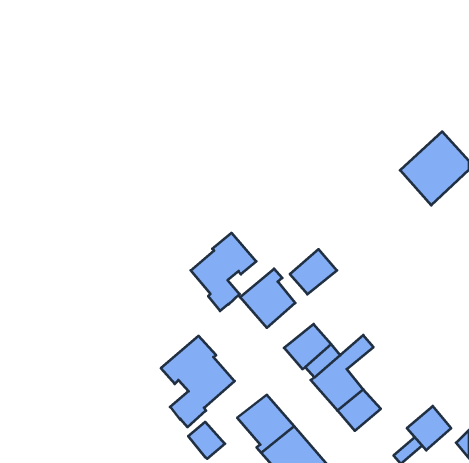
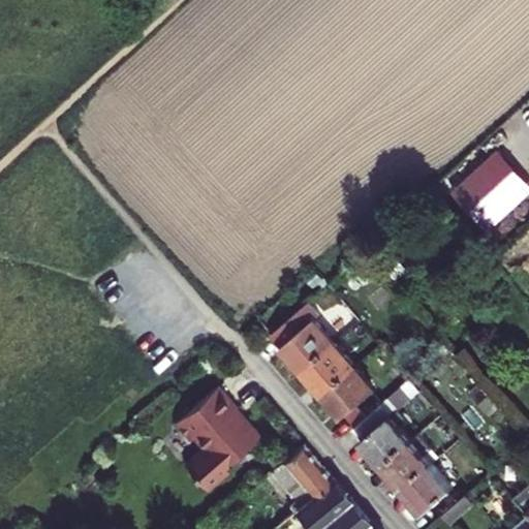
building: [191,233,256,311] -> none
building: [290,249,337,294] -> [300,348,352,399]
building: [407,406,451,450] -> [399,467,448,517]
building: [188,422,225,459] -> none

